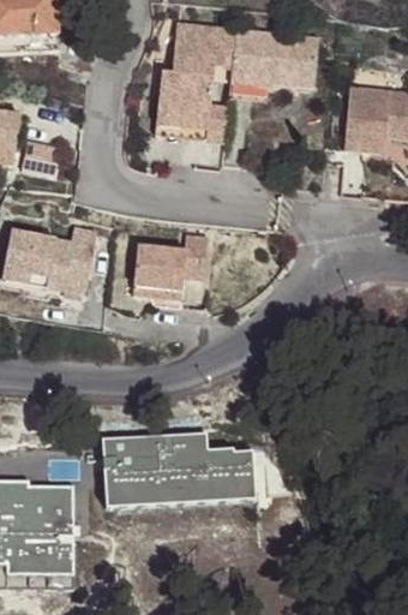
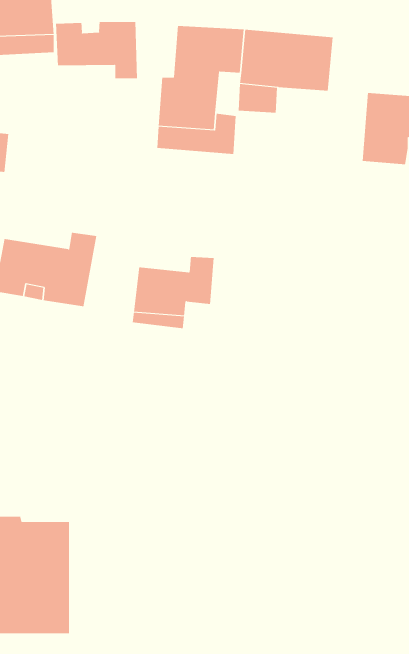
building: none -> [56,21,138,79]
building: [101,434,254,510] -> none

